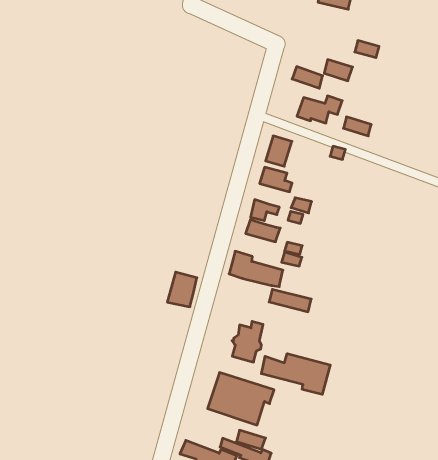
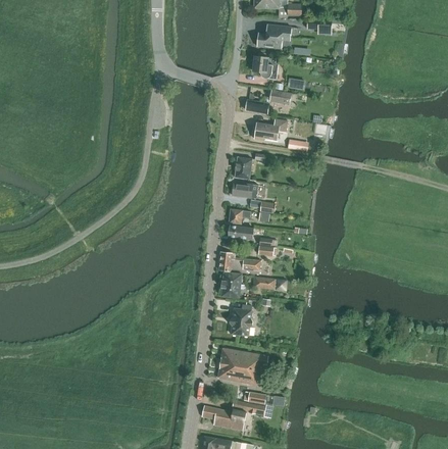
building: none -> [253,55,279,80]
building: [167,272,197,307] -> [220,271,241,297]
building: [261,354,330,394] -> none

